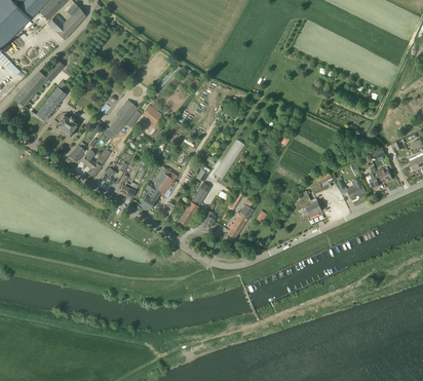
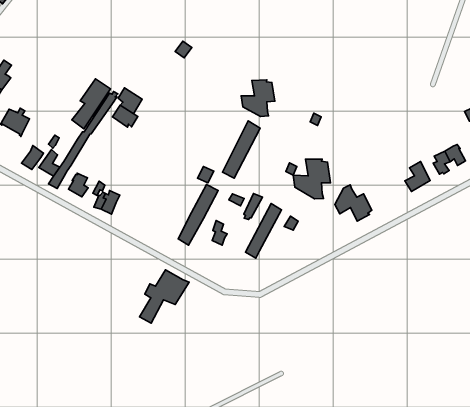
building: none -> [241,80,275,116]
building: none -> [293,159,331,199]
building: [141,172,179,209] -> [140,270,189,323]

